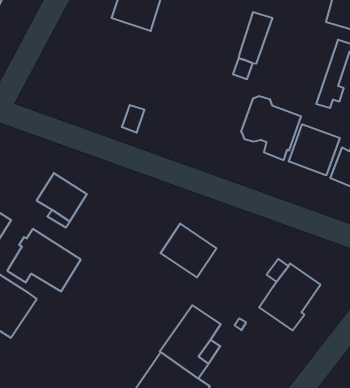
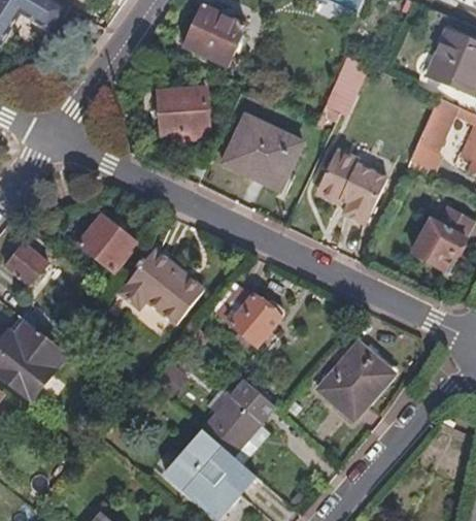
building: none -> [155,87,204,135]
building: none -> [224,115,304,190]
building: [289,124,340,175] -> none
building: [7,229,81,291] -> [120,250,204,324]

